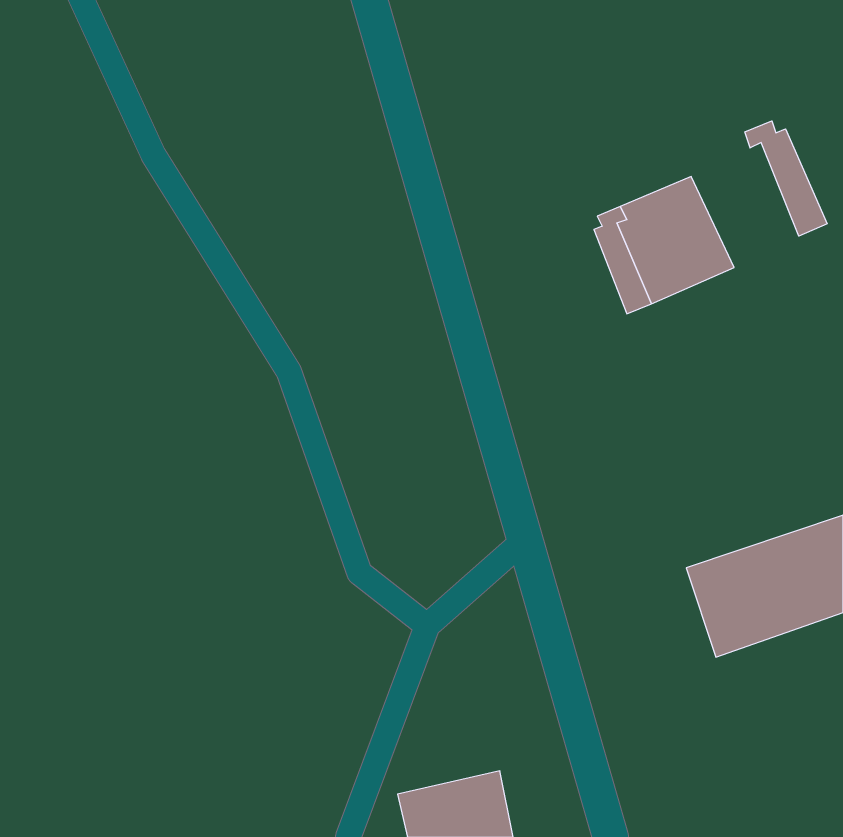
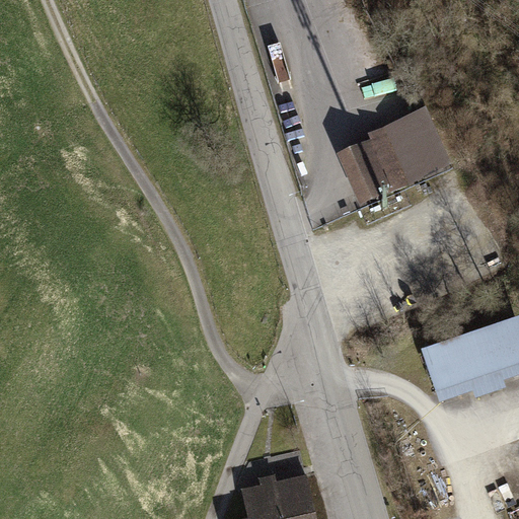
building: [745,121,827,236] -> none
building: none -> [340,141,385,203]

